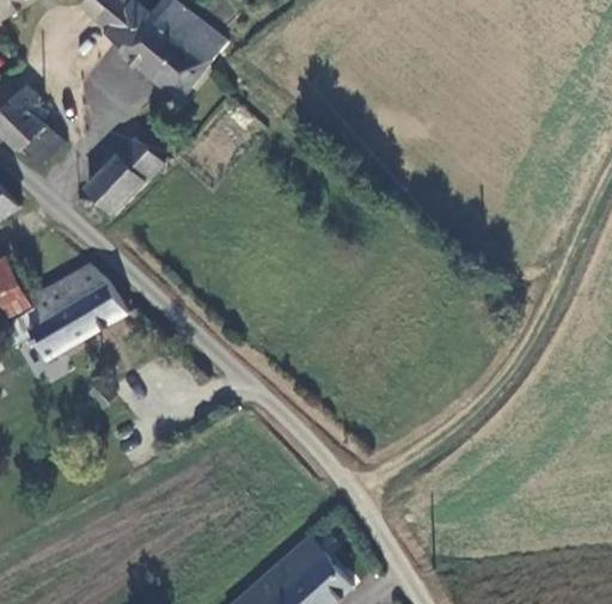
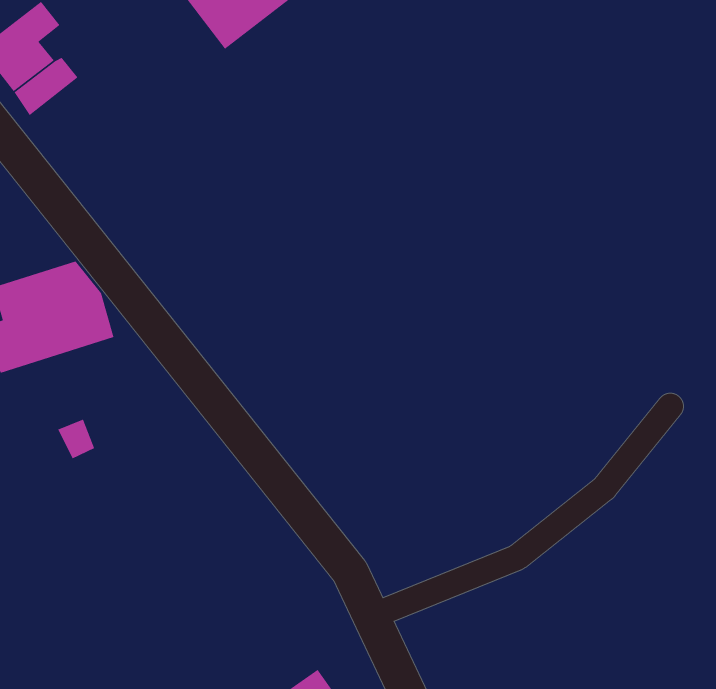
building: [81,136,158,212] -> none

